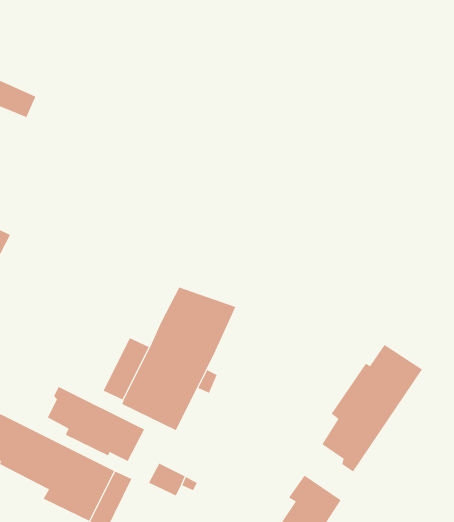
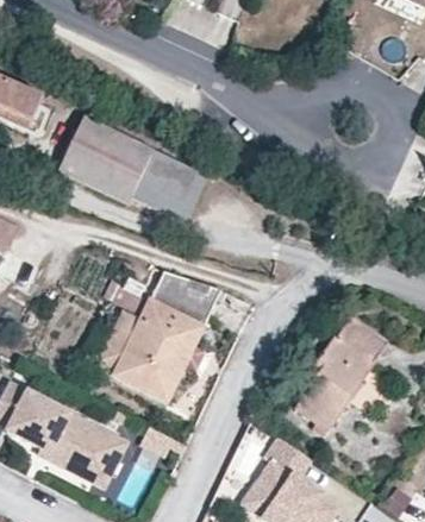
building: none -> [60,117,196,216]
building: [47,386,145,462] -> none

